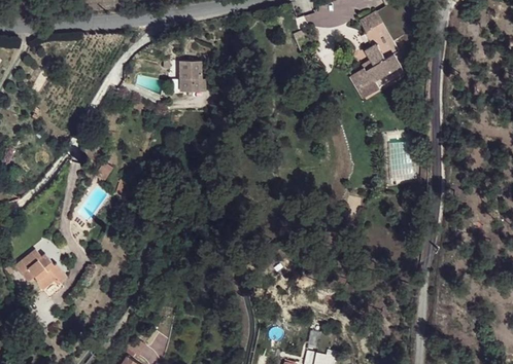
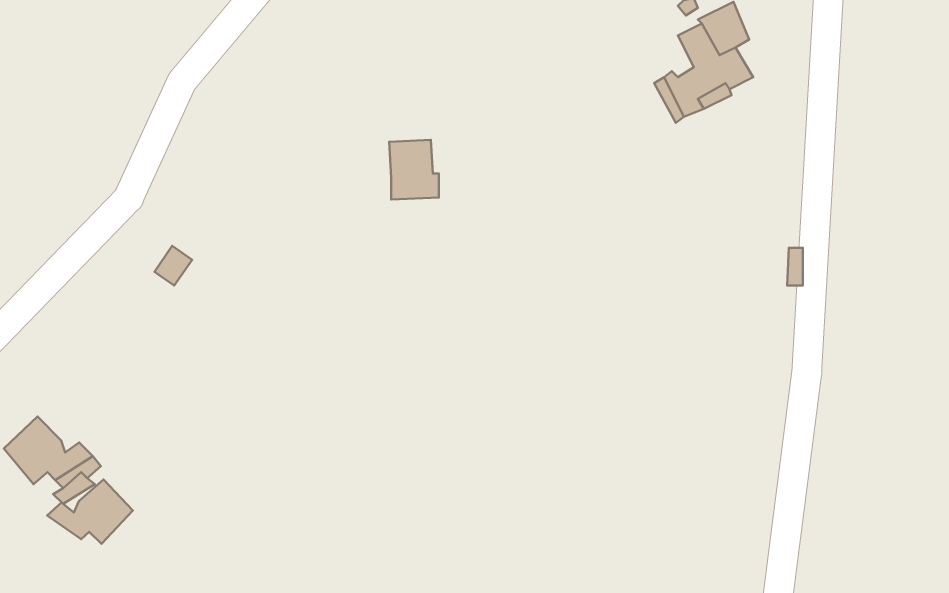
building: [176,59,202,89] -> [389,140,439,199]
building: none -> [47,479,133,544]

